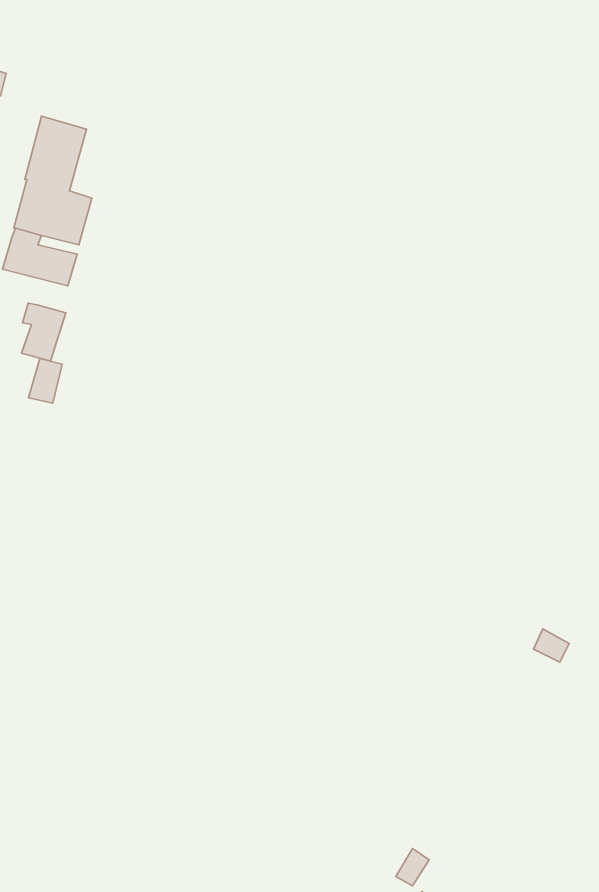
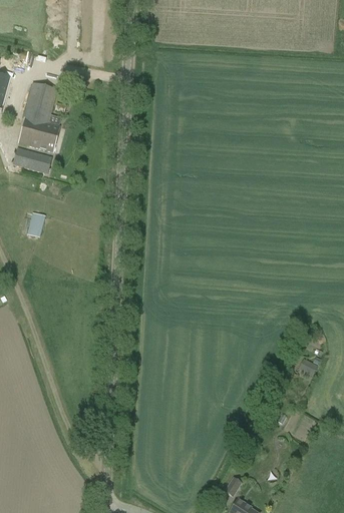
building: [22,303,66,361] -> none

